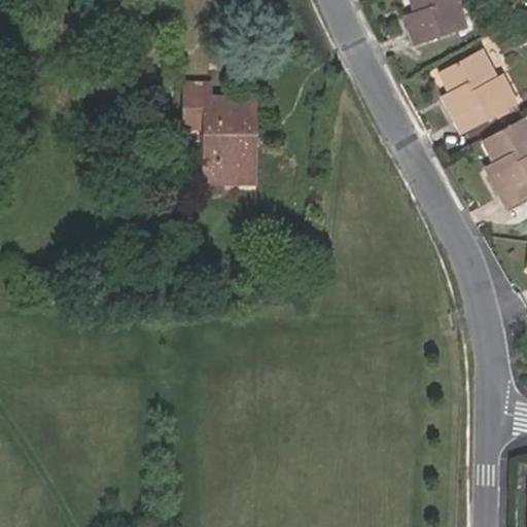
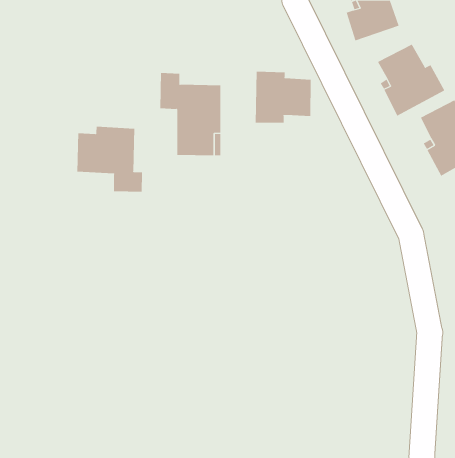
building: none -> [255,71,311,124]
building: none -> [77,126,142,193]

